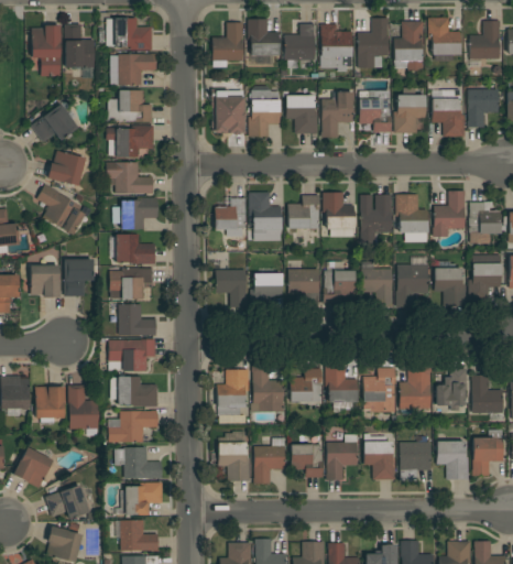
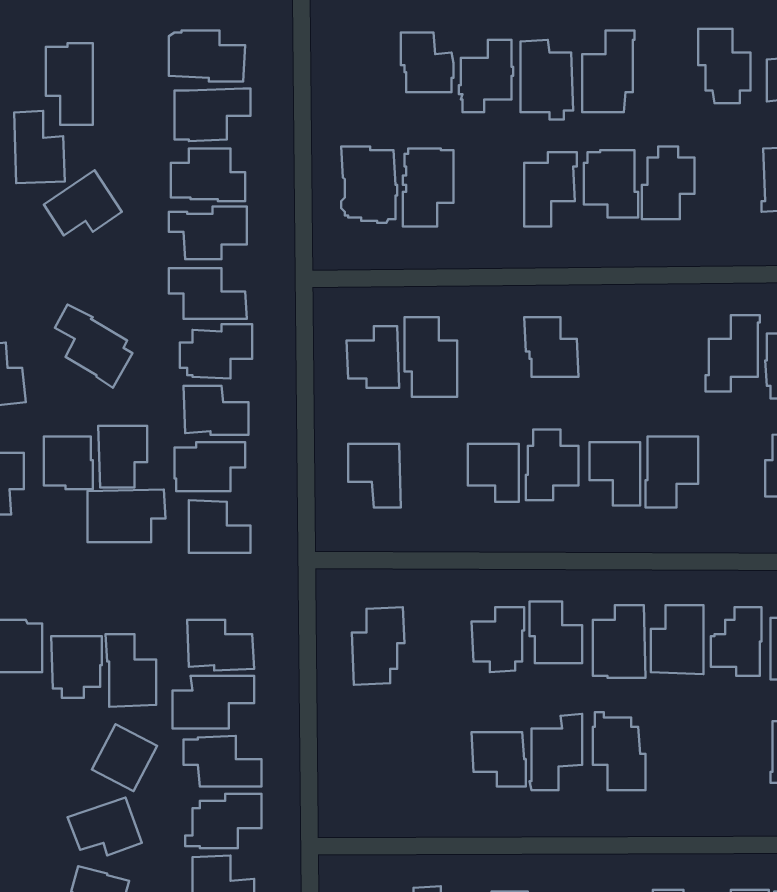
building: [394,21,424,72] -> none
building: [212,23,243,67] -> none
building: [64,24,95,68] -> [14,111,65,183]
building: [433,90,465,138] -> none
building: [286,96,318,134] -> none
building: [47,151,86,186] -> none
building: [288,195,320,229] -> none
building: [360,195,392,243] -> none
building: [396,195,427,242] -> none
building: [435,269,466,306] -> none
building: [250,273,283,311] -> none
building: [109,339,156,371] -> [88,489,166,542]
building: [251,366,285,412] -> none
building: [400,437,432,481] -> none
building: [254,438,285,485] -> none
building: [437,442,469,479] -> none
building: [218,443,250,481] -> none
building: [13,447,53,488] -> [92,724,157,791]

